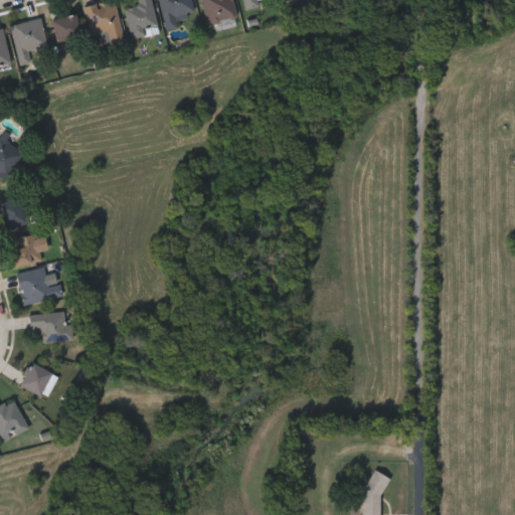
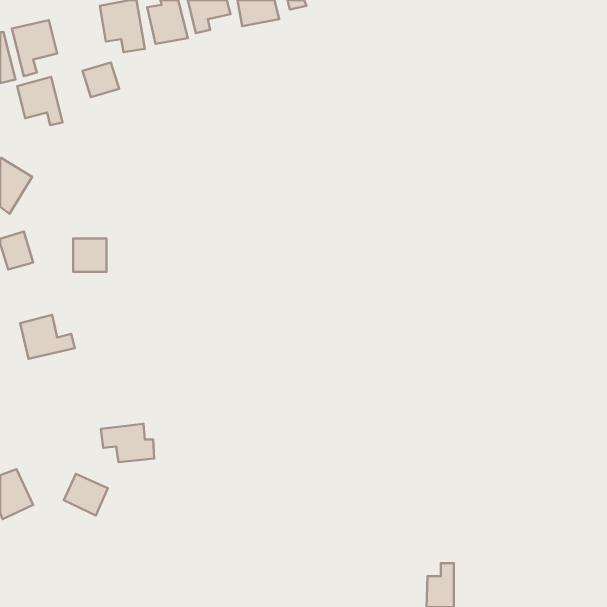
building: [50,12,81,41] -> [82,63,119,97]
building: none -> [17,77,62,125]
building: [12,234,40,263] -> [73,239,107,272]
building: [28,310,73,342] -> [101,424,154,462]
building: [20,362,57,397] -> [64,474,108,516]

